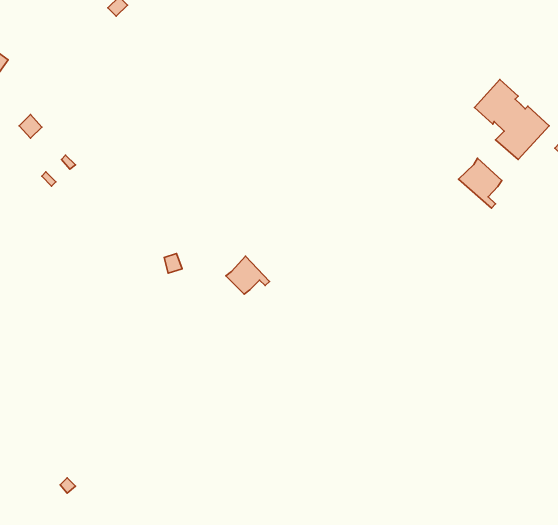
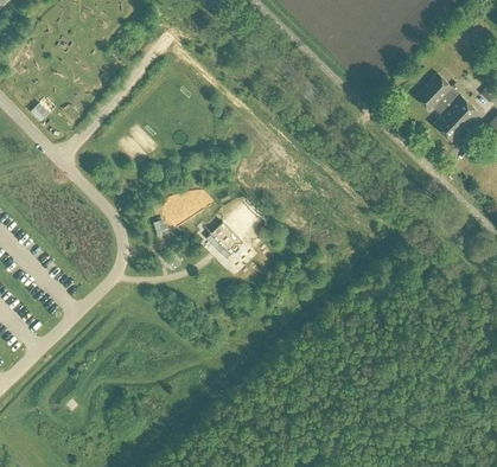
building: [458,158,502,208] -> none

